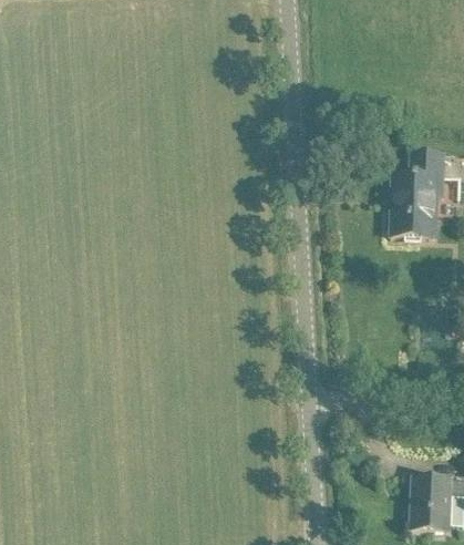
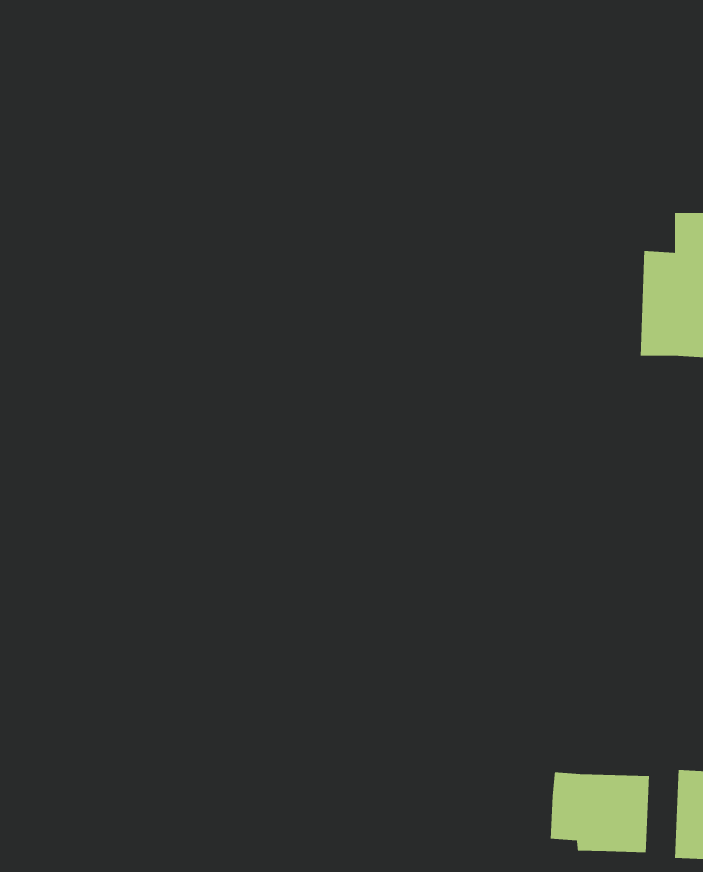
building: none -> [550,771,650,853]

